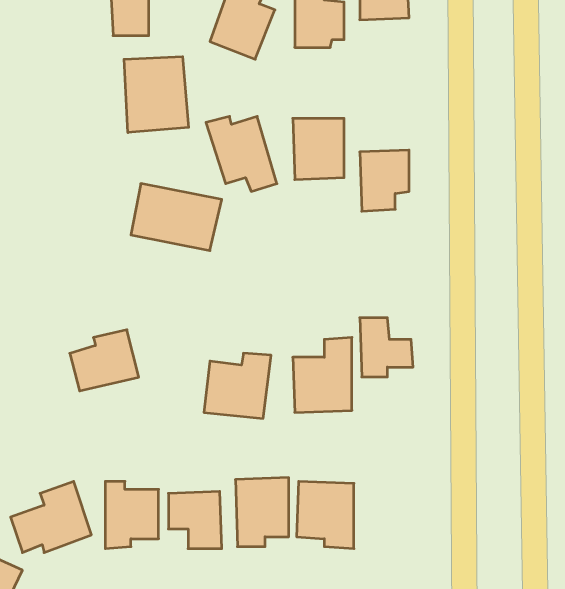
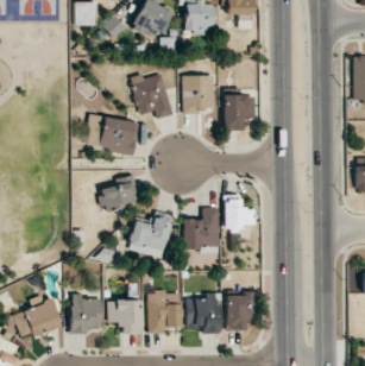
building: [124,57,189,133] -> none
building: [70,330,139,391] -> [99,175,140,212]
building: none -> [226,294,254,330]

